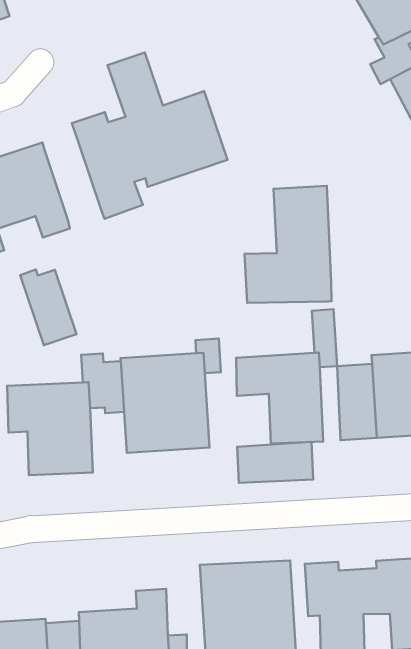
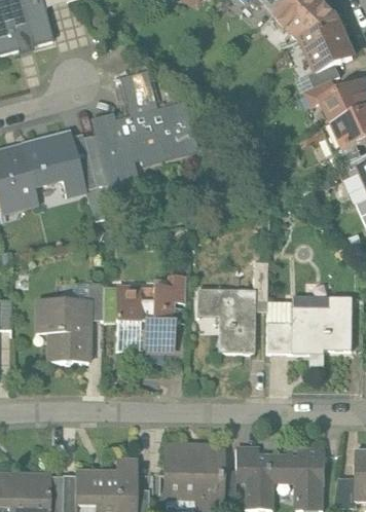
building: [244,186,332,303] -> none
building: [20,270,77,345] -> [71,134,108,187]
building: [237,442,313,483] -> none

